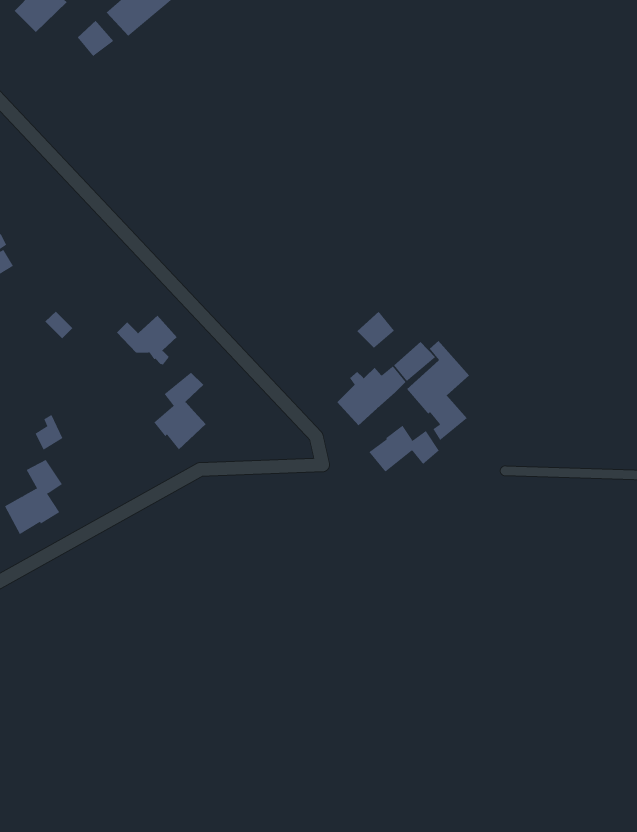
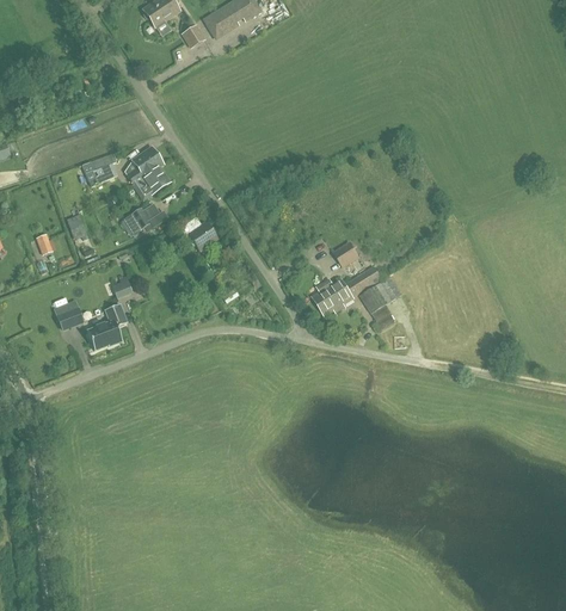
building: none -> [125,144,170,192]
building: [153,372,206,450] -> none
building: [369,425,439,473] -> none

